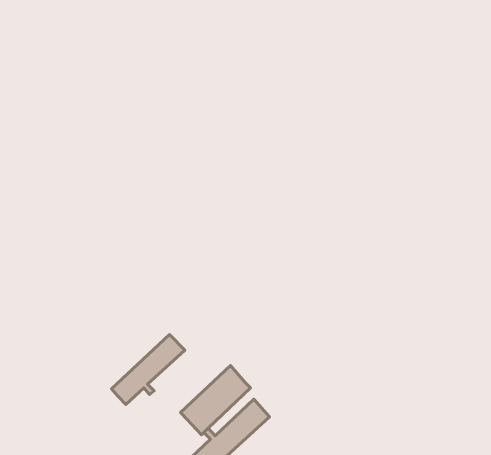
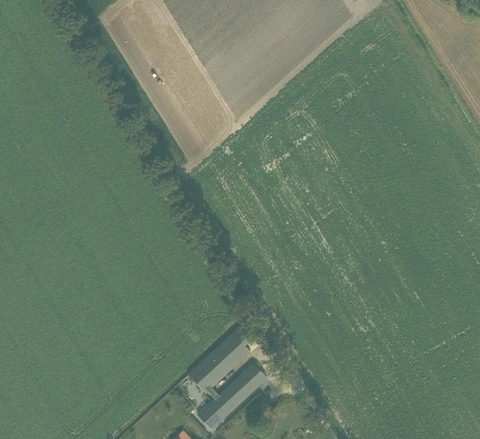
building: [112,335,185,404] -> none

